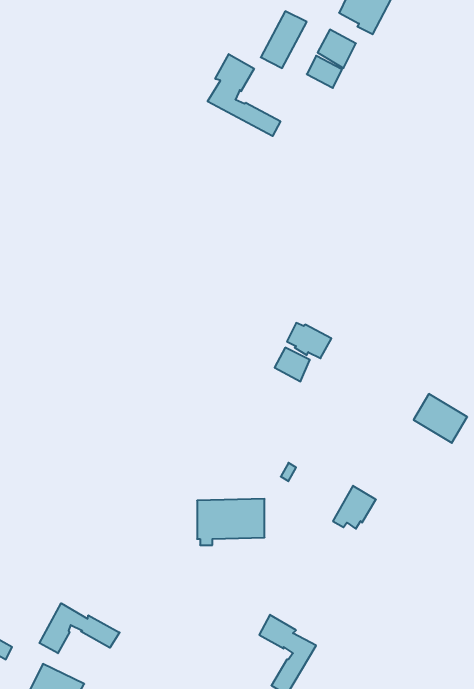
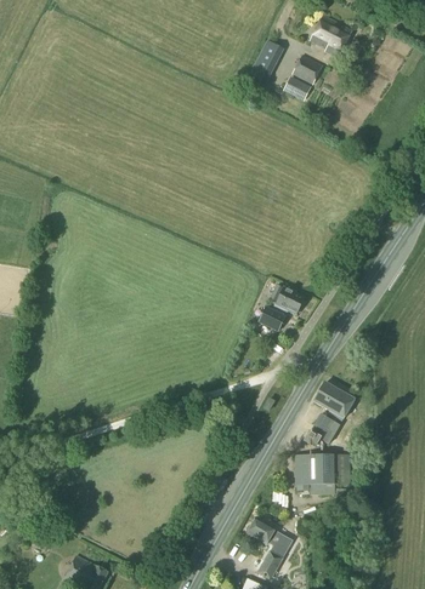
building: [208,54,280,136] -> none
building: [414,394,467,443] -> [312,382,355,421]
building: [197,499,265,545] -> [296,453,350,490]
building: [39,603,120,653] -> none

